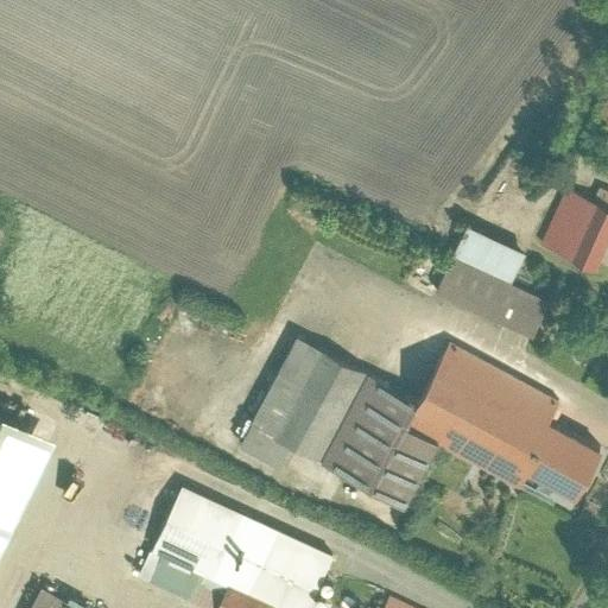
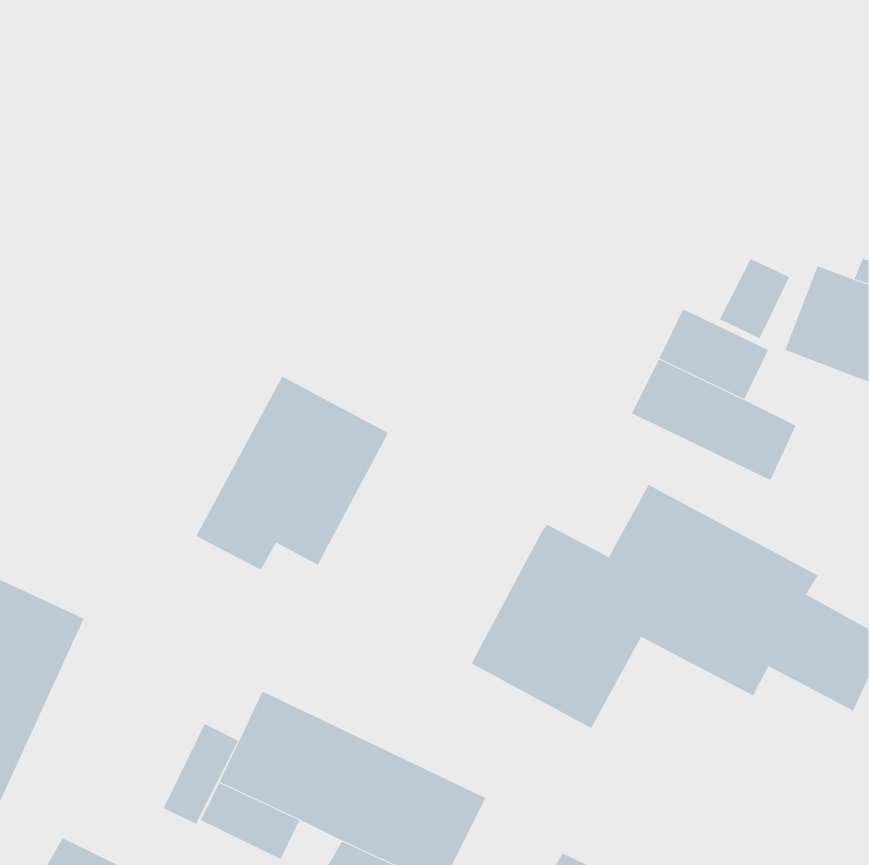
building: none -> [719,258,790,339]
building: [240,337,373,471] -> [196,376,389,571]
building: none -> [163,723,239,824]

